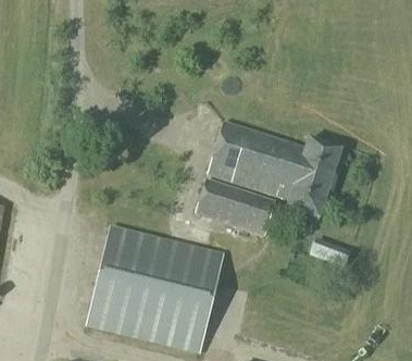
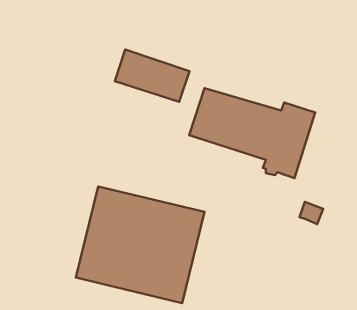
building: [196,178,275,234] -> [115,50,190,102]

